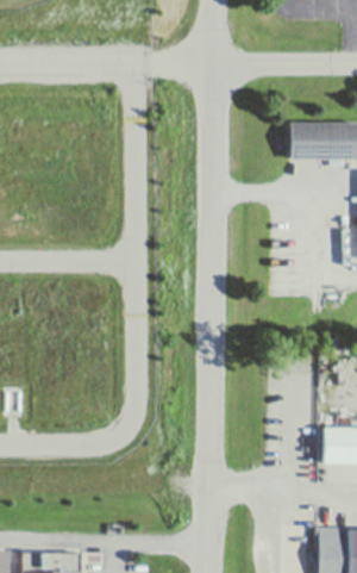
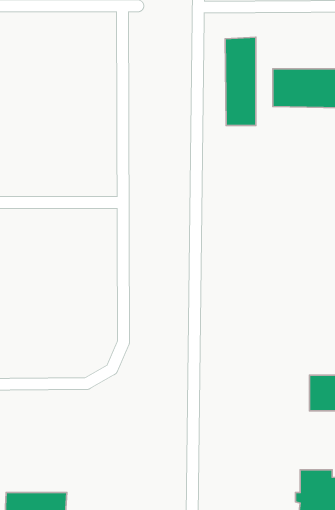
building: none -> [225,37,256,126]

